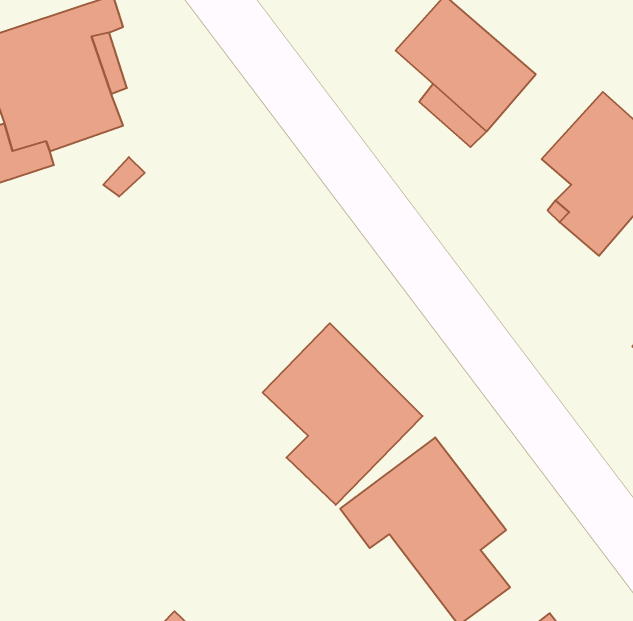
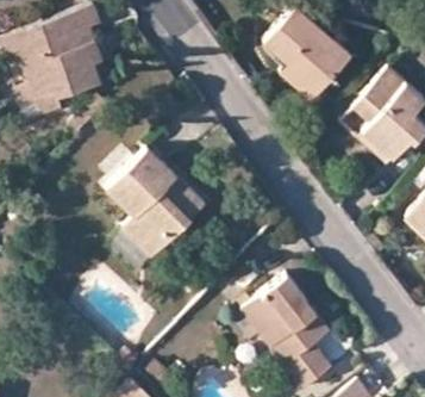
building: [263,323,423,505] -> [108,148,205,258]

